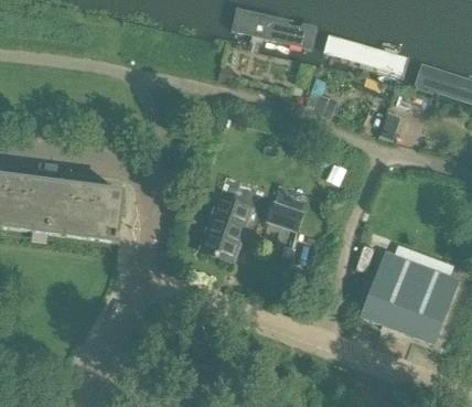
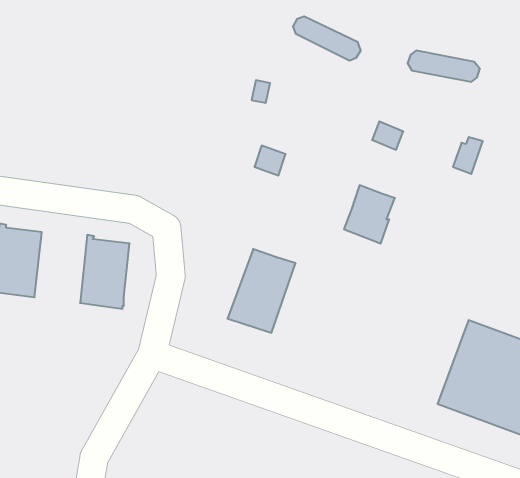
building: [49,183,89,238] -> none
building: [267,185,307,231] -> [344,185,395,243]

